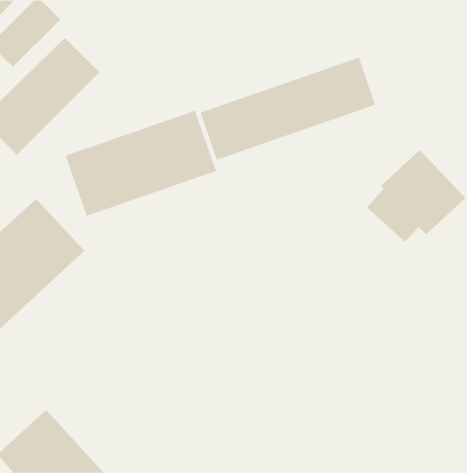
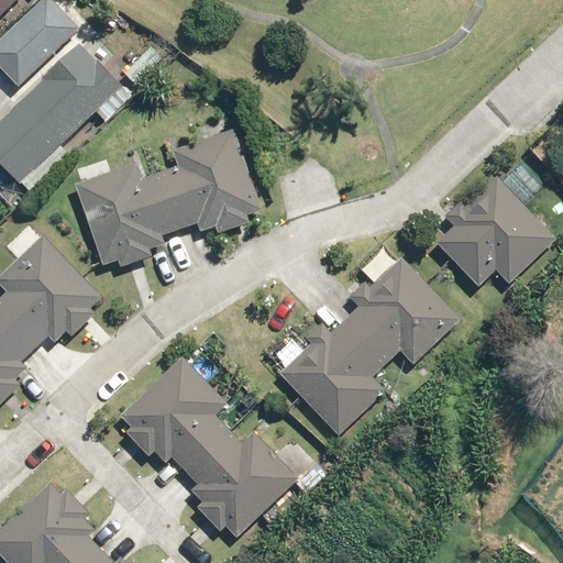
building: [200,57,376,161] -> none
building: none -> [290,267,453,427]
building: none -> [120,362,289,529]

